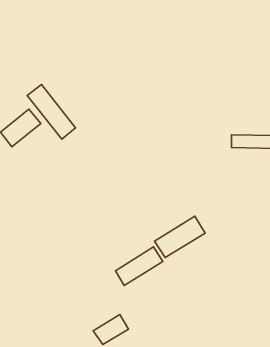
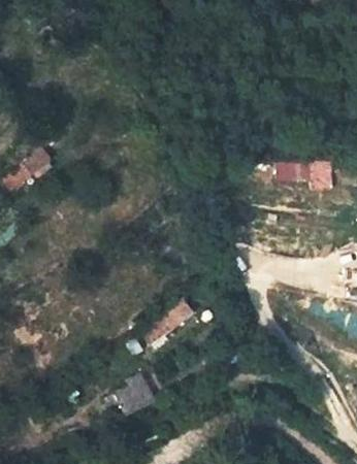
building: [27,84,75,139] -> none
building: [154,216,205,258] -> none

